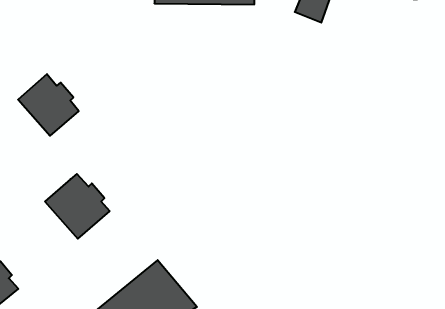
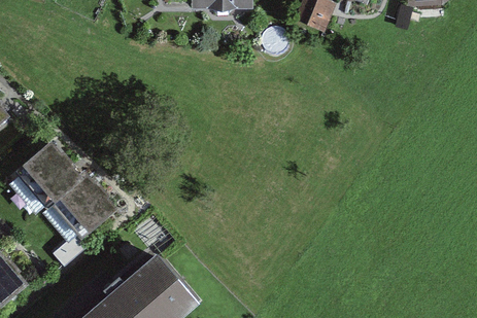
building: [18,74,79,136] -> [16,141,75,201]

